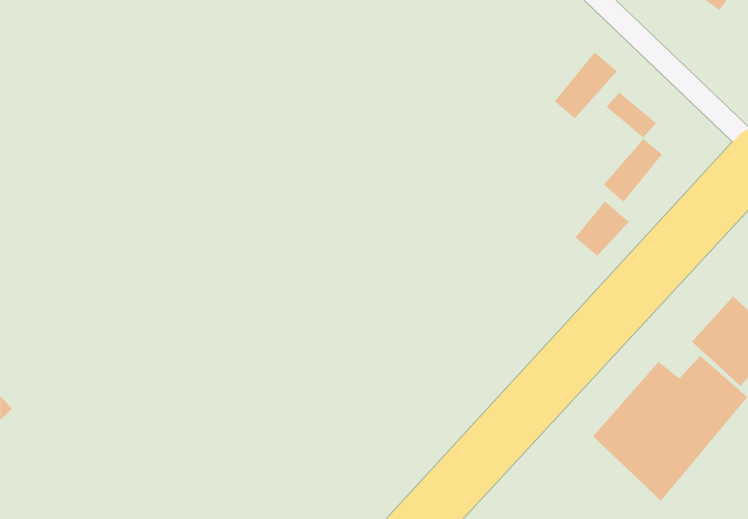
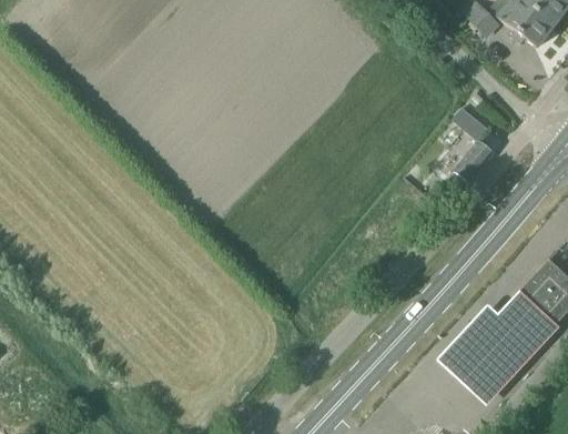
building: [554,52,618,119] -> none
building: [575,201,630,257] -> none

